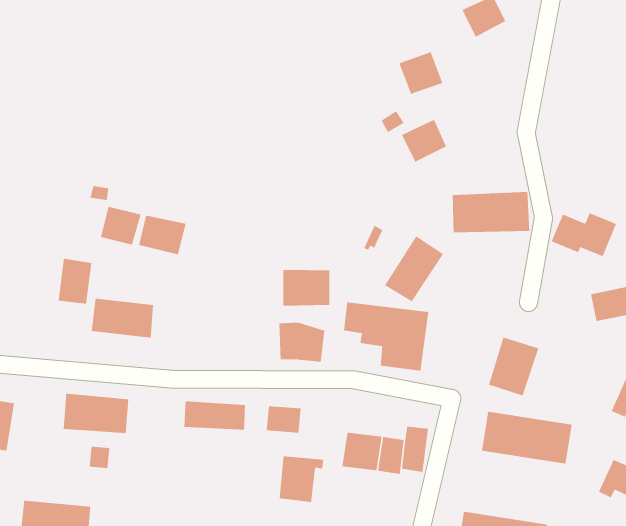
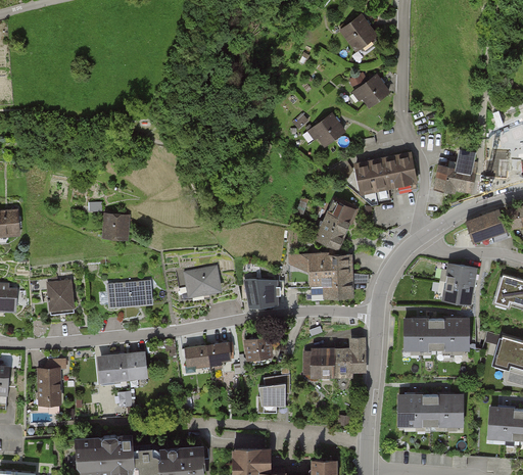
building: [399,52,443,95] -> [354,75,389,108]
building: [138,215,186,255] -> none
building: [58,258,92,304] -> [49,282,72,314]
building: [282,270,330,306] -> [183,266,222,297]
building: [488,337,539,396] -> [442,265,475,305]

